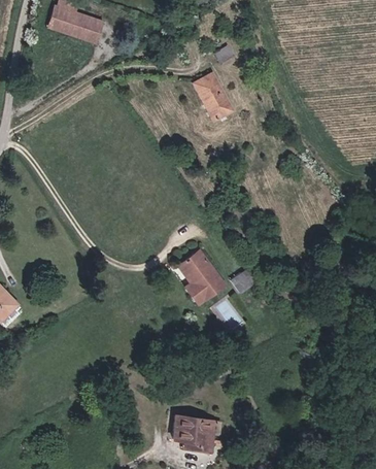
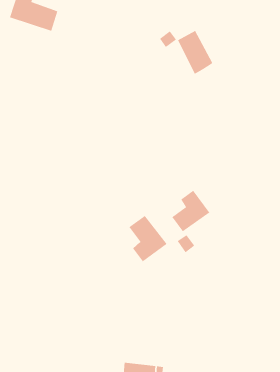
building: [193,71,233,121] -> [177,30,213,74]
building: none -> [171,190,210,232]

